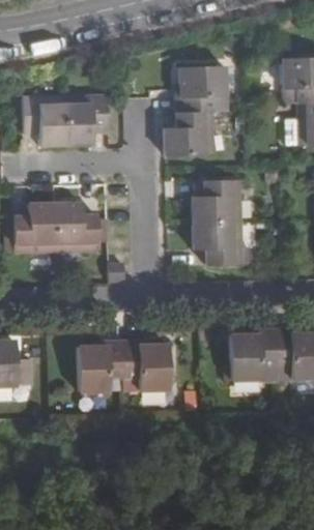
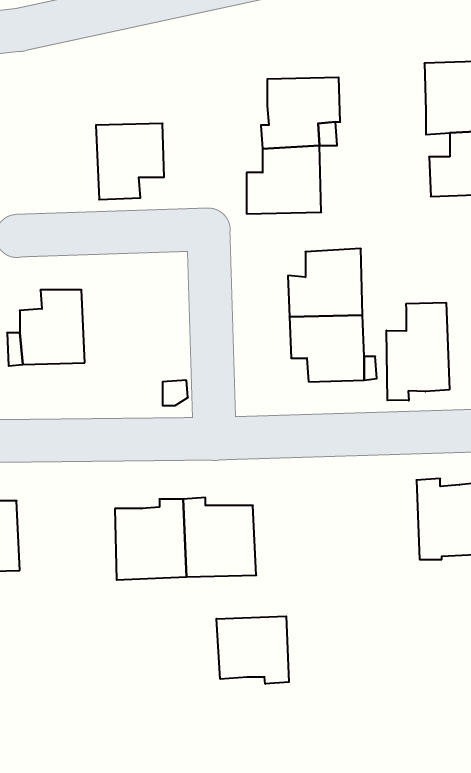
building: [23,96,67,146] -> none
building: [56,203,99,252] -> none
building: none -> [386,303,449,401]
building: [229,328,277,381] -> none
building: none -> [216,616,289,684]

